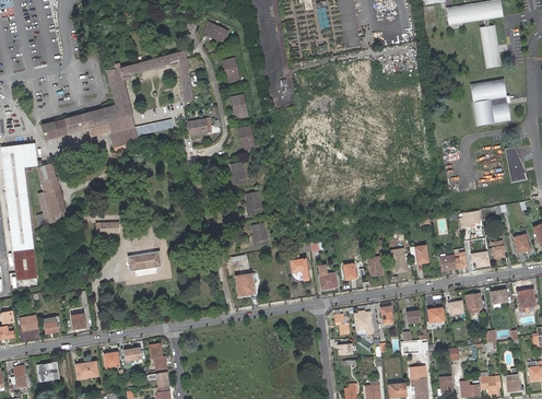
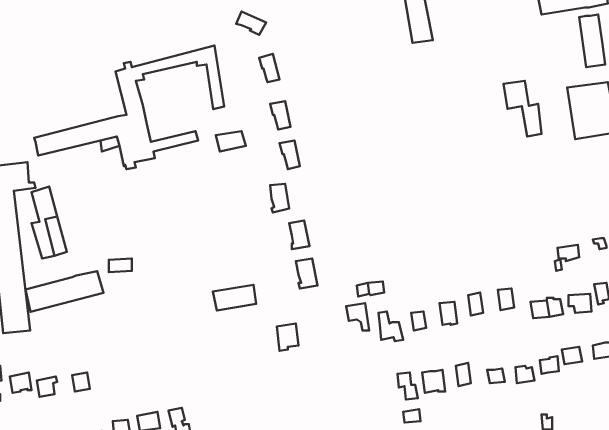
building: none -> [503,81,541,136]
building: none -> [25,271,104,312]
building: [127,250,162,271] -> [213,285,256,311]

